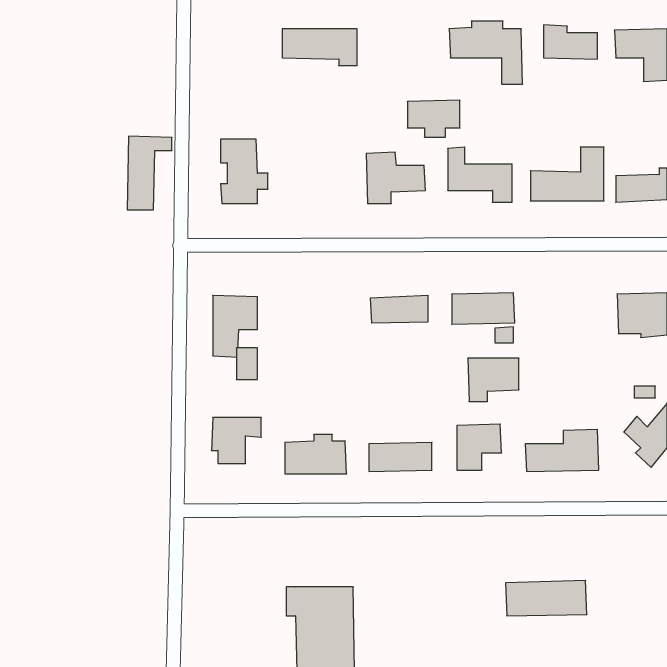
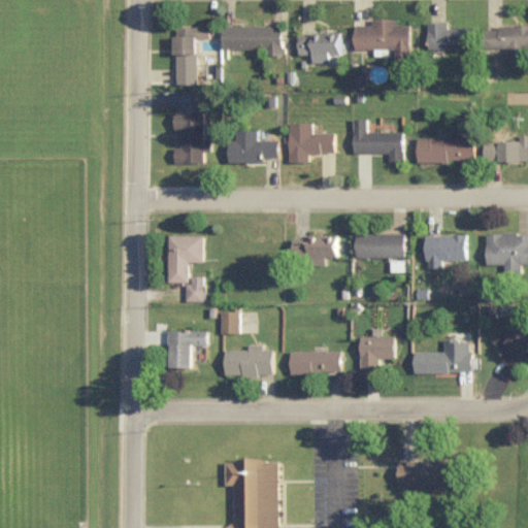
building: [407,100,460,137] -> [298,33,339,62]
building: [127,136,172,210] -> [174,27,209,85]
building: none -> [228,133,277,163]
building: [468,358,519,402] -> [425,235,465,269]
building: none -> [219,311,237,333]

